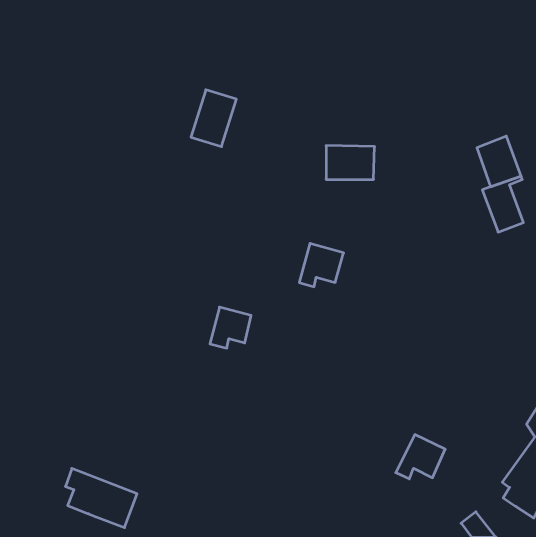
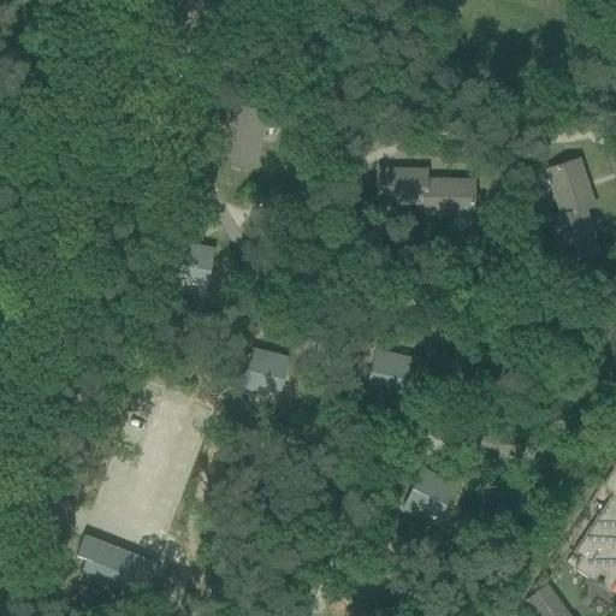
building: none -> [426,177,478,215]
building: none -> [167,247,217,289]
building: [299,243,344,287] -> [365,348,415,397]
building: [396,435,445,479] -> [402,466,458,516]

